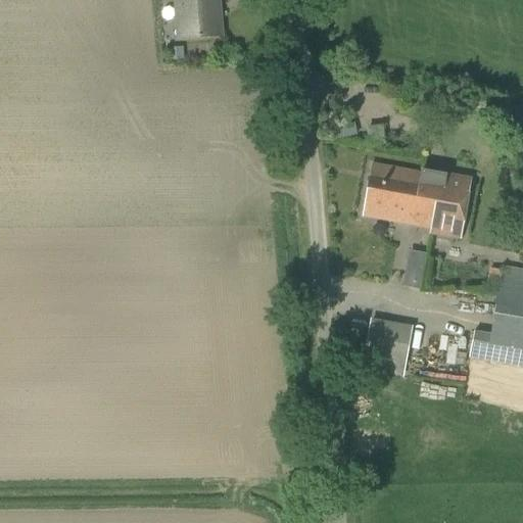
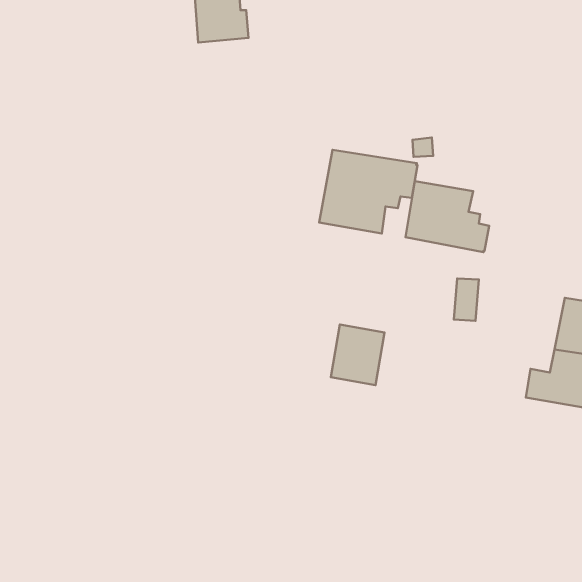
building: none -> [319,150,417,233]
building: [421,169,472,234] -> none
building: [365,318,413,372] -> [331,324,385,385]

